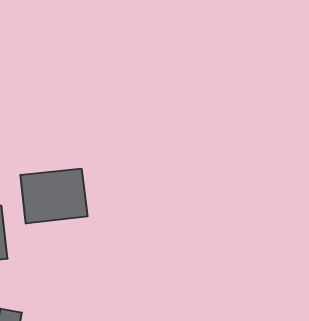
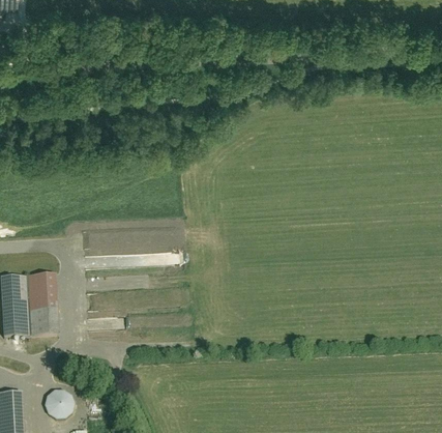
building: [21,169,88,224] -> none

